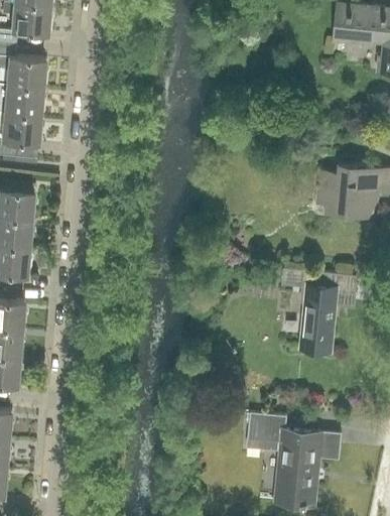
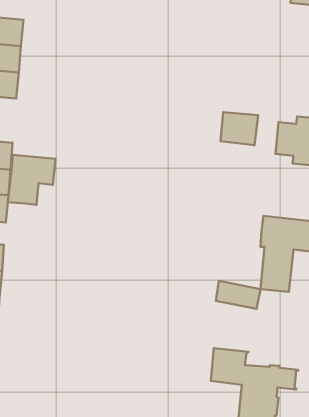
building: none -> [221,112,258,145]
building: none -> [8,155,56,205]
building: none -> [216,281,261,309]

